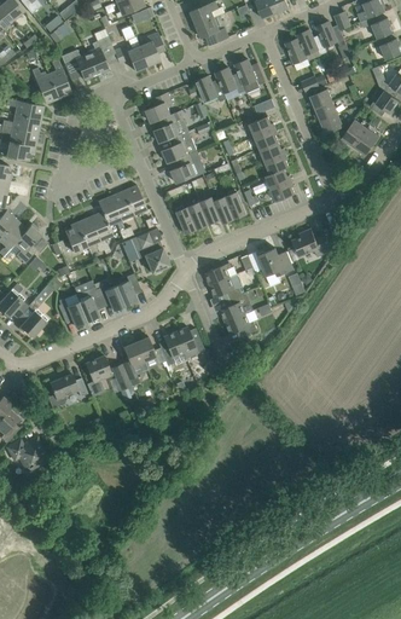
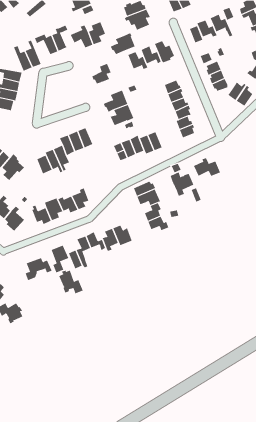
building: [151,110,188,143] -> [110,32,136,55]
building: [129,231,169,272] -> none
building: none -> [58,270,83,294]

